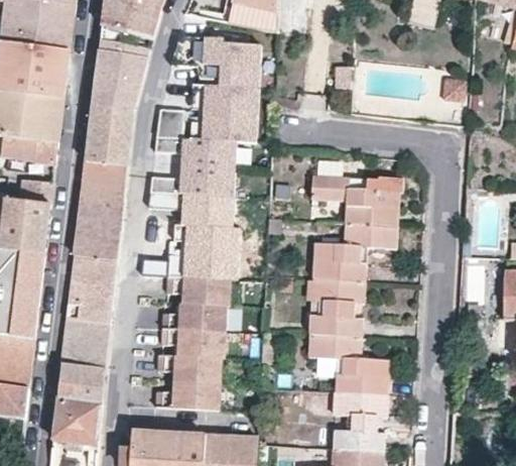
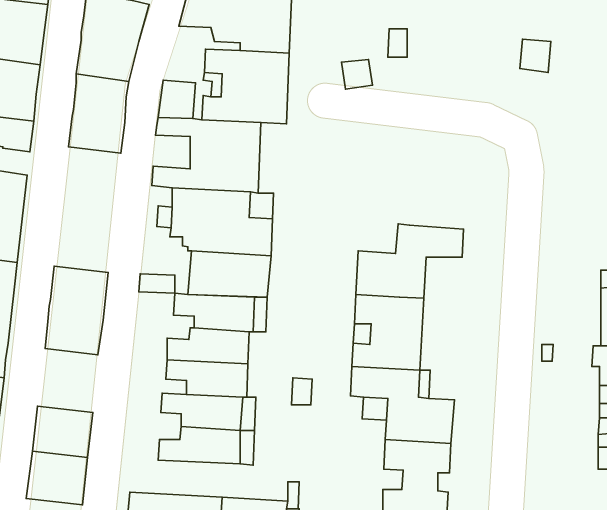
building: [74,160,126,259] -> none
building: [310,176,398,225] -> none
building: [60,319,108,369] -> none

